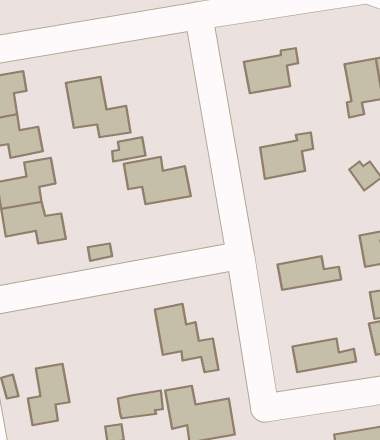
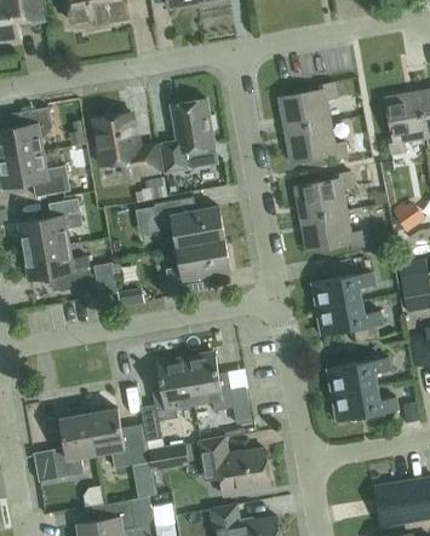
building: none -> [160,98,216,172]
building: none -> [286,122,348,162]
building: none -> [302,211,363,250]
building: none -> [165,237,230,296]
building: none -> [311,271,374,309]
building: none -> [142,356,195,439]
building: none -> [327,357,390,394]
building: none -> [90,407,148,466]

